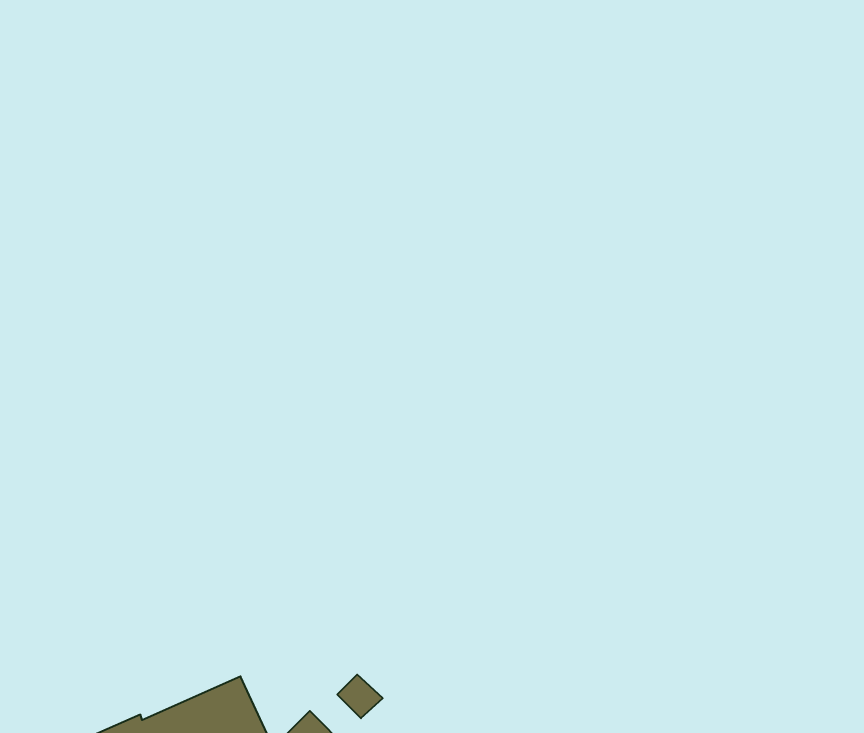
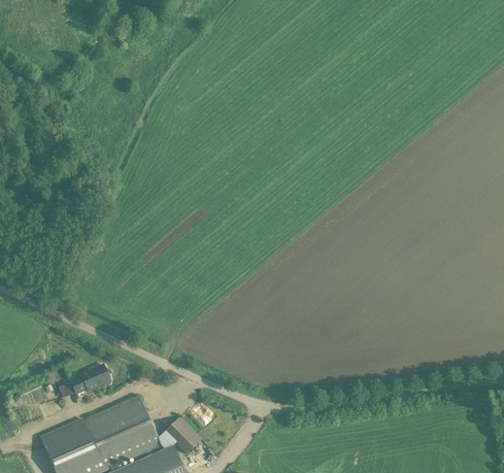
building: none -> [69,364,109,393]

